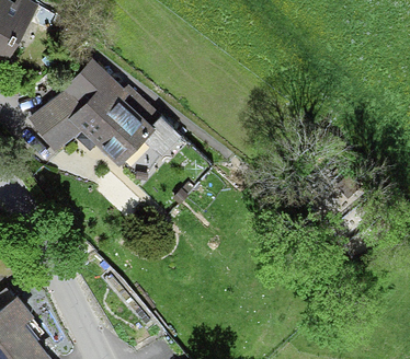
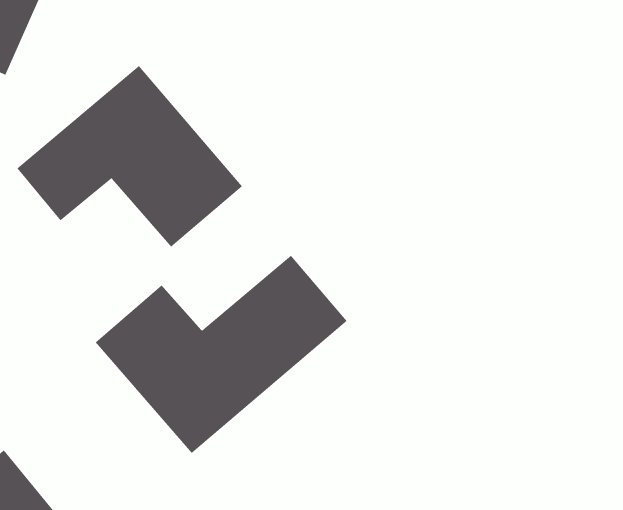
building: none -> [95,255,347,454]

